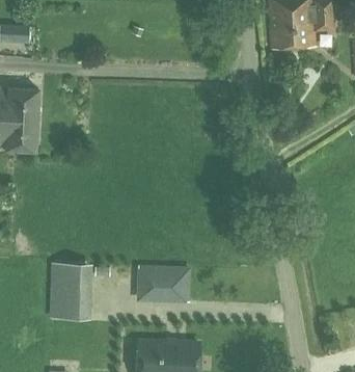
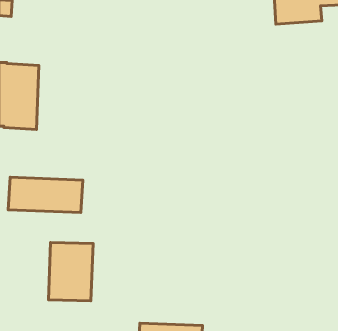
building: none -> [8,177,83,212]
building: [136,265,190,301] -> none

